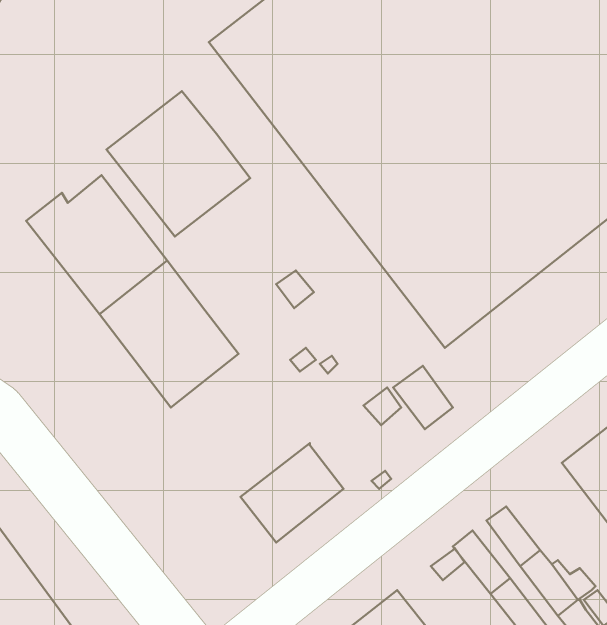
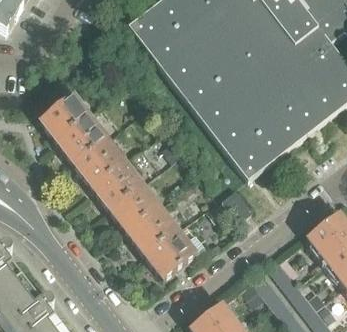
building: [107,91,250,236] -> none
building: none -> [109,183,179,255]

